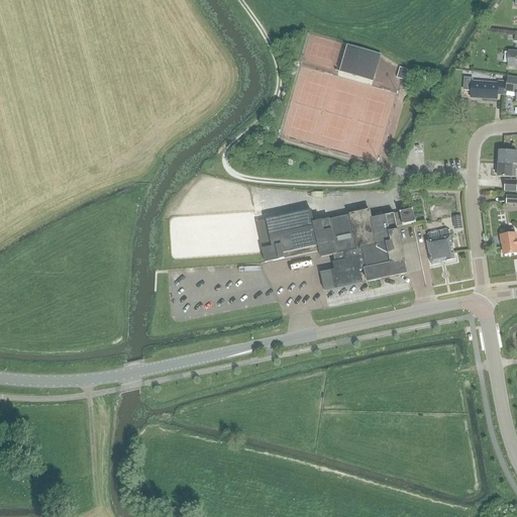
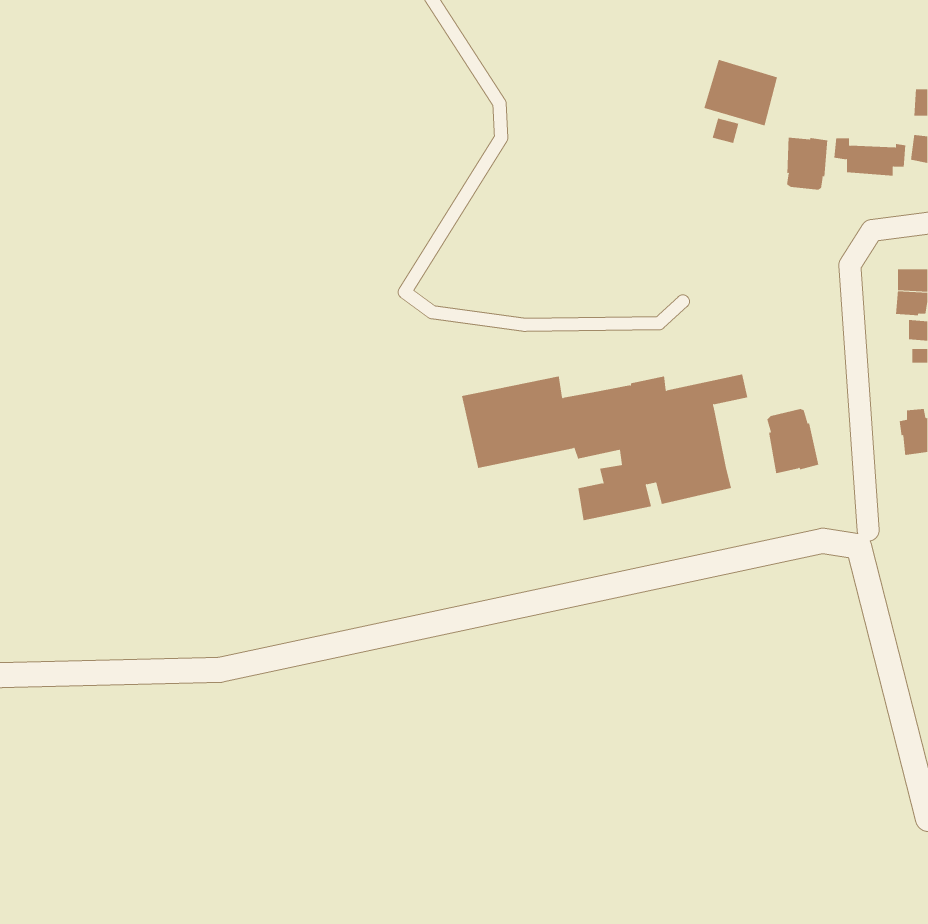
building: [339,42,381,80] -> [704,59,778,126]
building: none -> [787,137,828,190]

